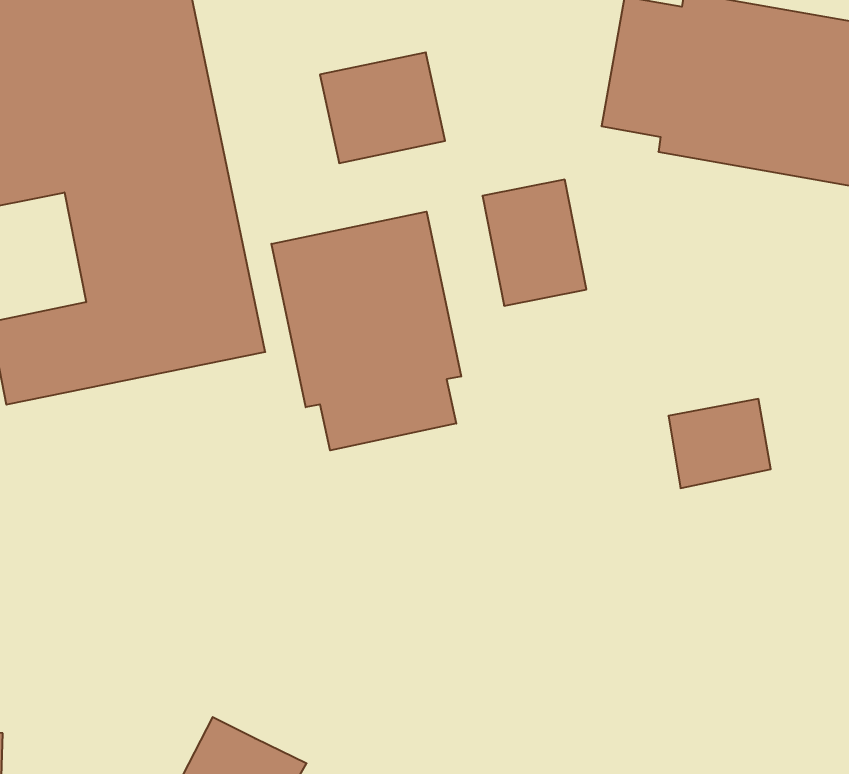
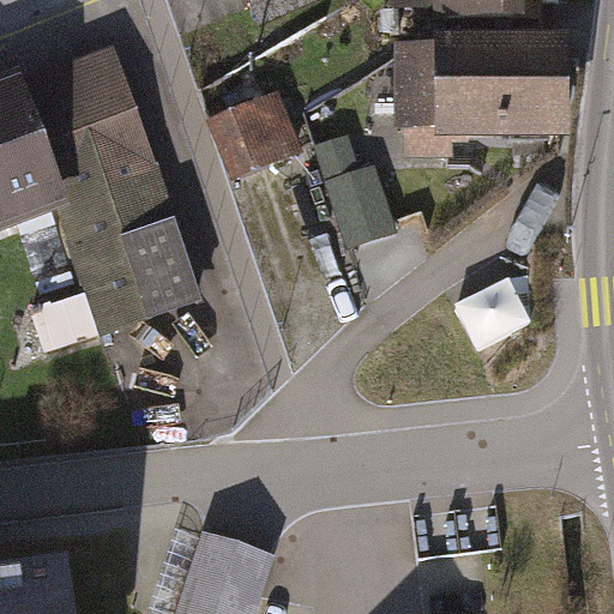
building: [271,212,461,450] -> none

